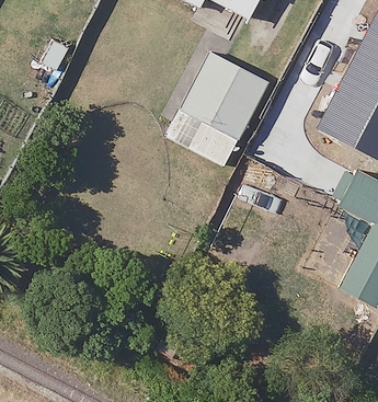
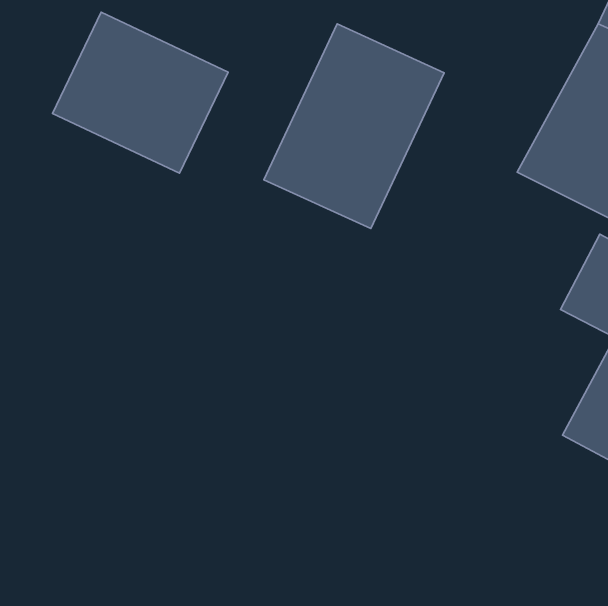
building: none -> [52,12,228,173]

